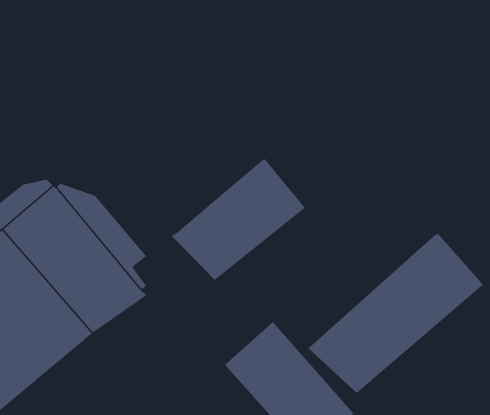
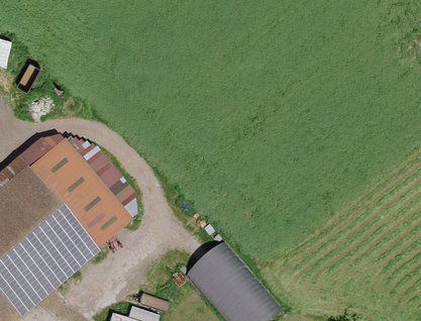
building: [171,159,306,281] -> none
building: [307,233,484,394] -> none

